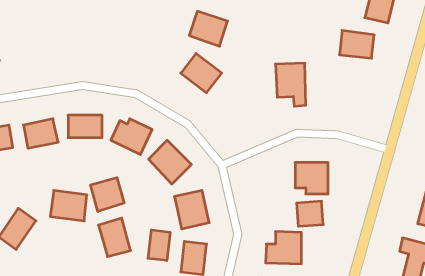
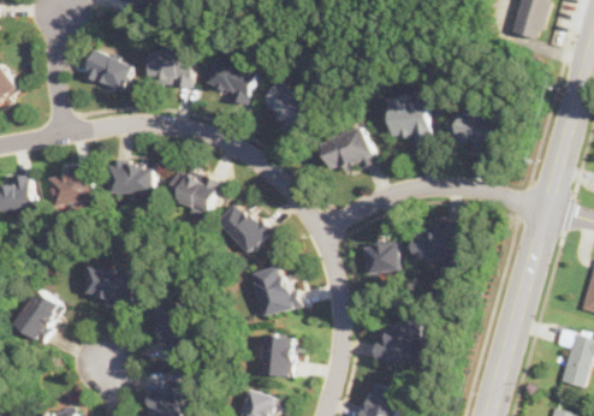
building: [189,11,228,46] -> [204,57,256,103]
building: none -> [147,46,194,87]
building: none -> [82,48,132,93]
building: [339,30,374,58] -> [446,113,493,150]
building: none -> [321,127,378,178]
building: [91,178,124,212] -> none
building: [297,201,323,226] -> [364,242,400,275]
building: [148,230,170,261] -> none

